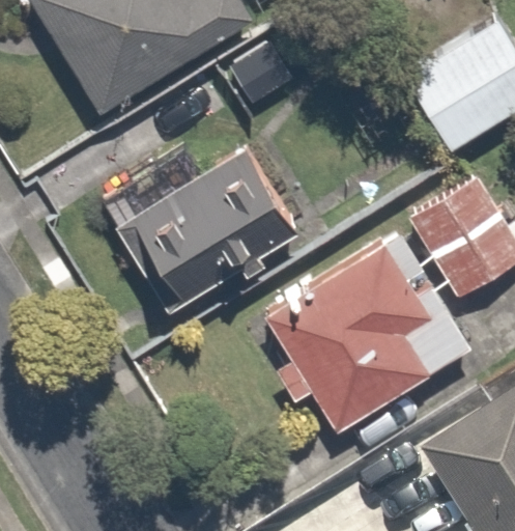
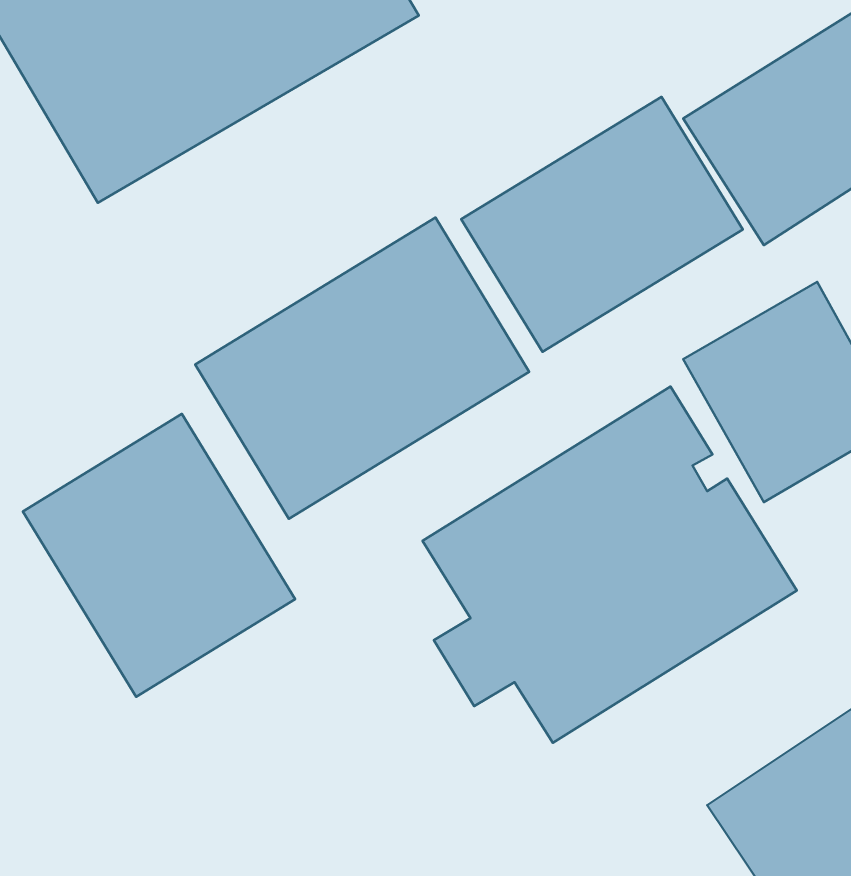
building: none -> [461,97,743,352]
building: none -> [23,414,295,697]

